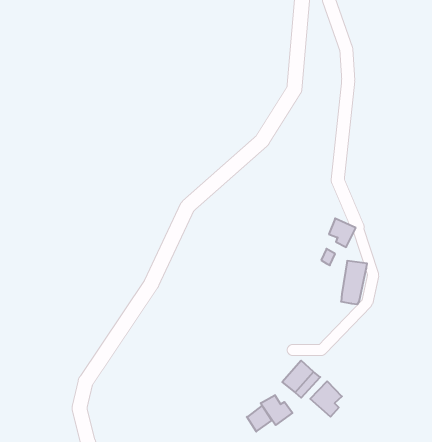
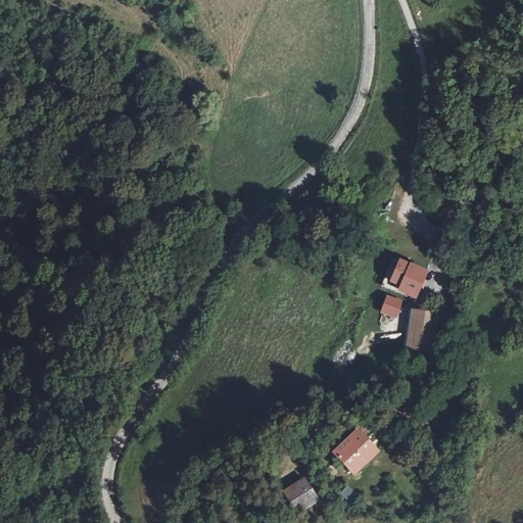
building: [310,381,342,417] -> none
building: [261,395,292,425] -> none

